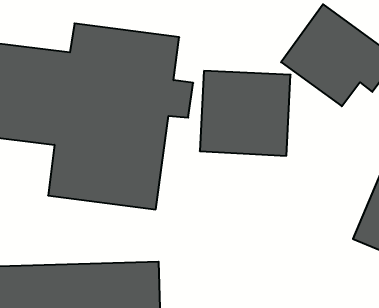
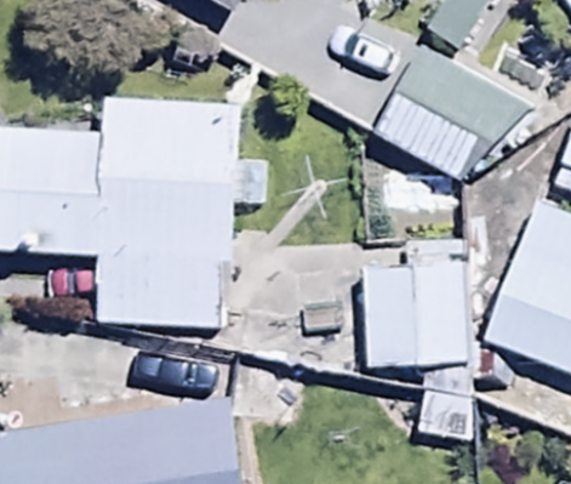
building: [200,71,291,156] -> [356,260,472,368]

